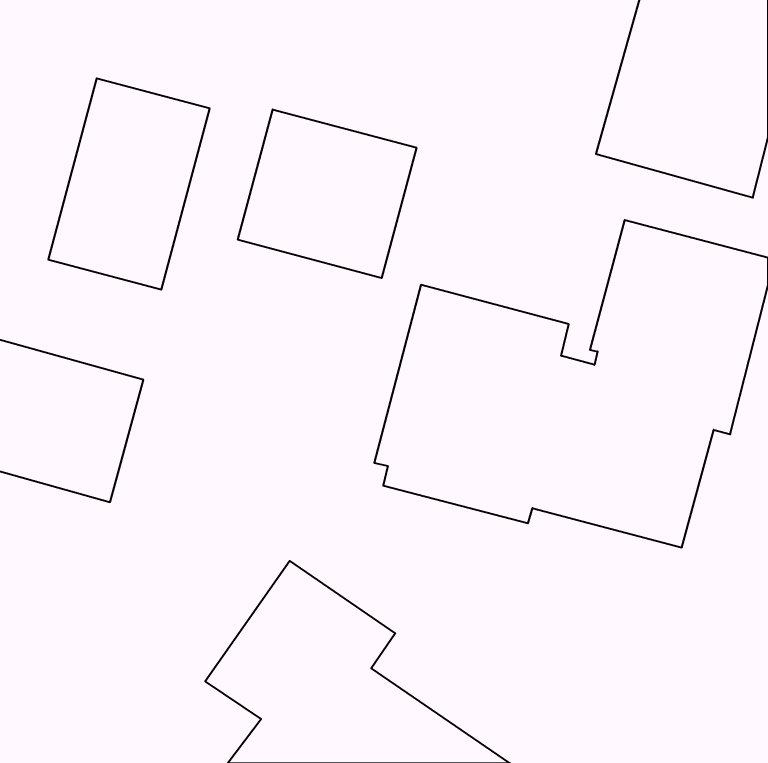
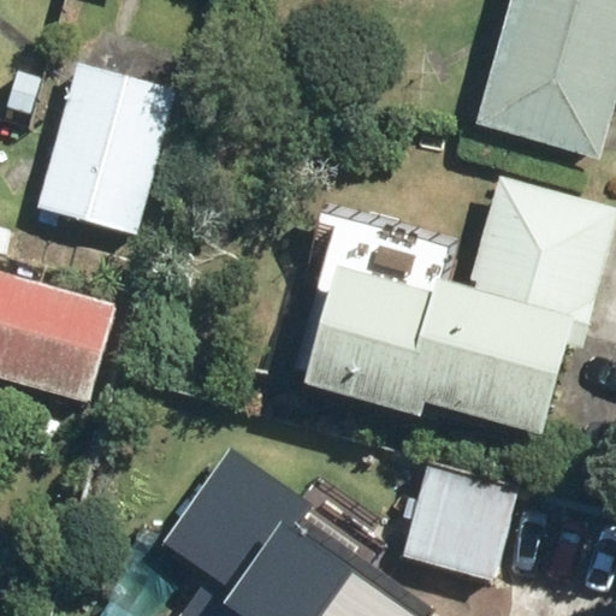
building: [238,109,416,278] -> none
building: none -> [403,461,519,579]

